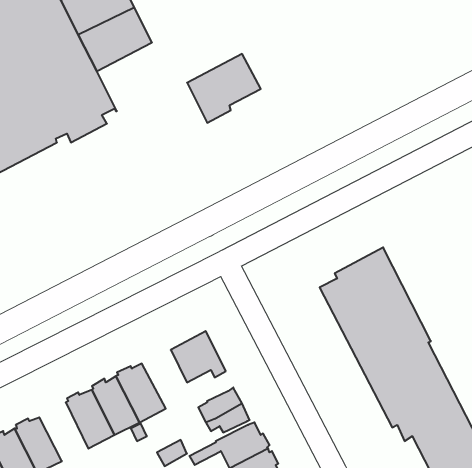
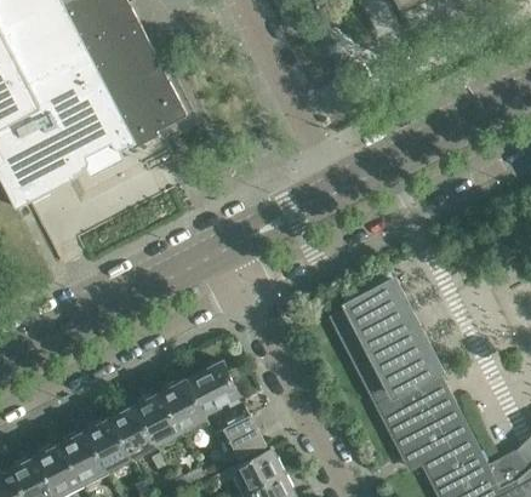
building: [187,54,261,123] -> [116,80,188,147]
building: none -> [160,377,209,435]
building: none -> [61,429,108,486]

